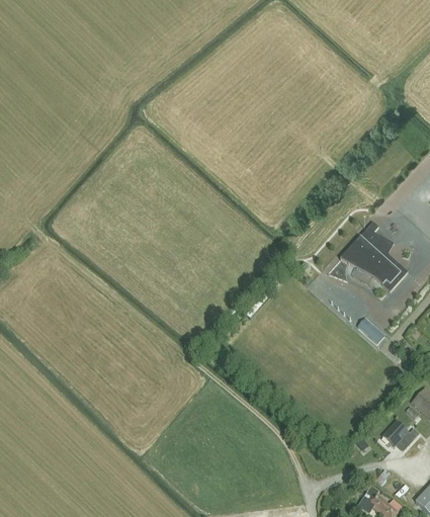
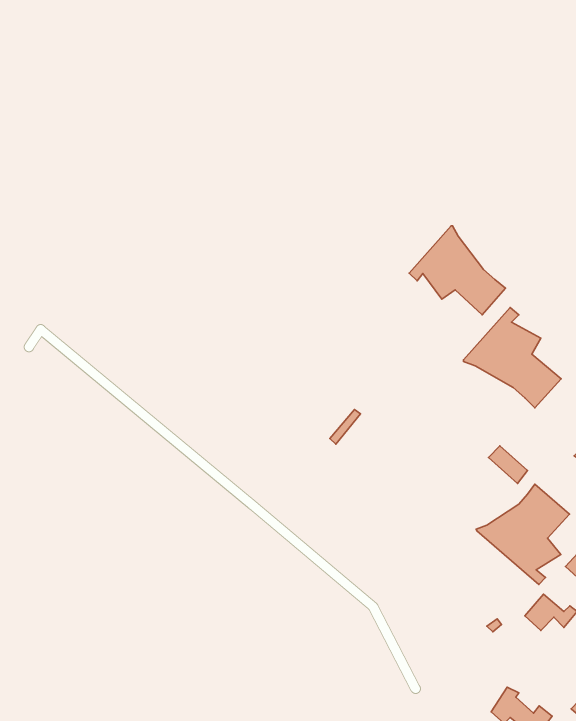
building: none -> [409,226,506,315]
building: none -> [476,484,570,584]

